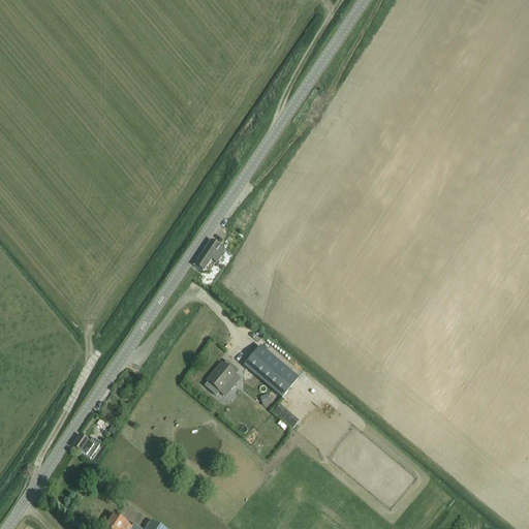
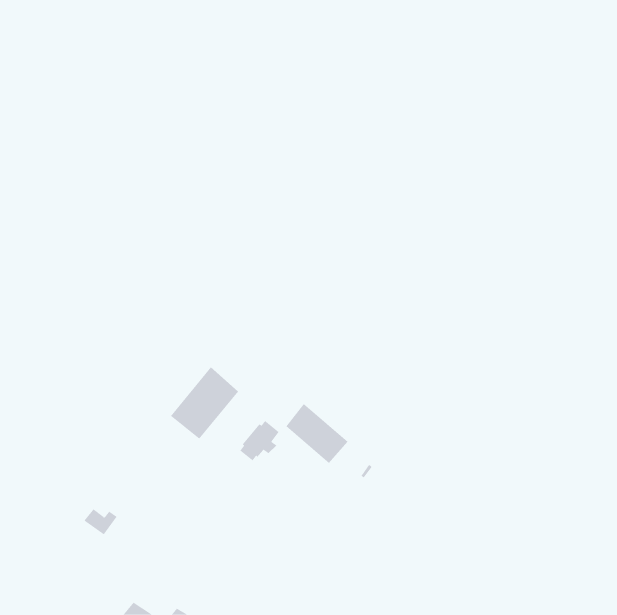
building: [194,239,225,271] -> none
building: none -> [170,367,239,440]

